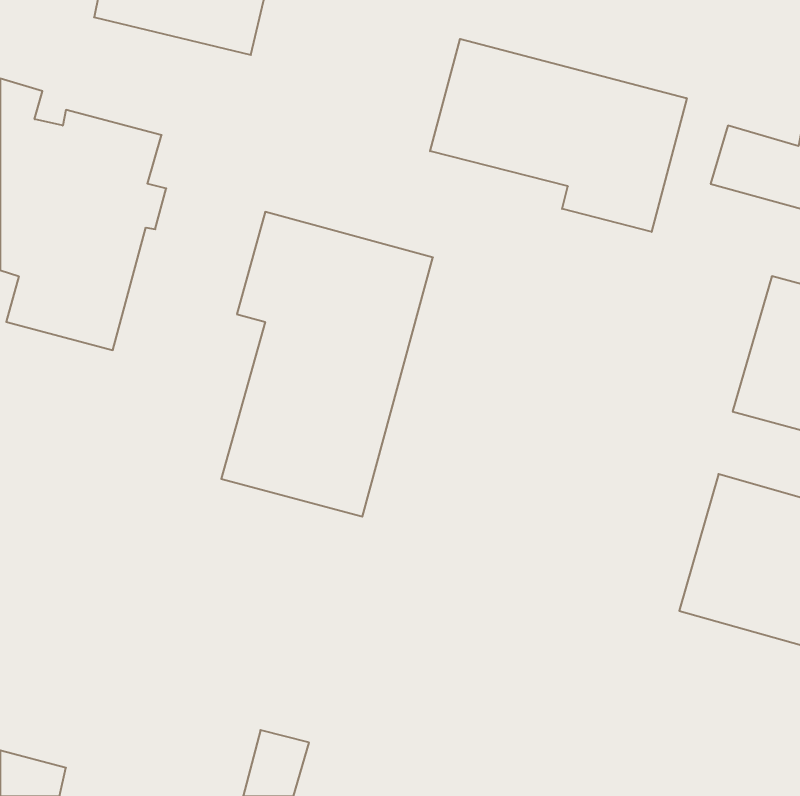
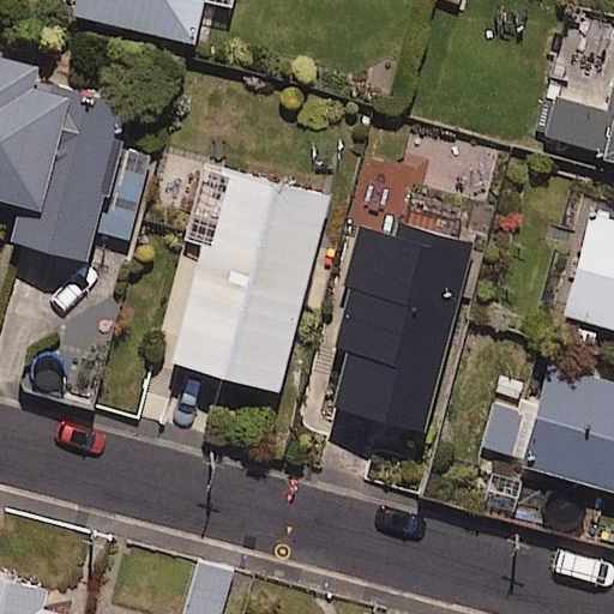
building: [430,39,687,232] -> none
building: none -> [333,215,471,433]

